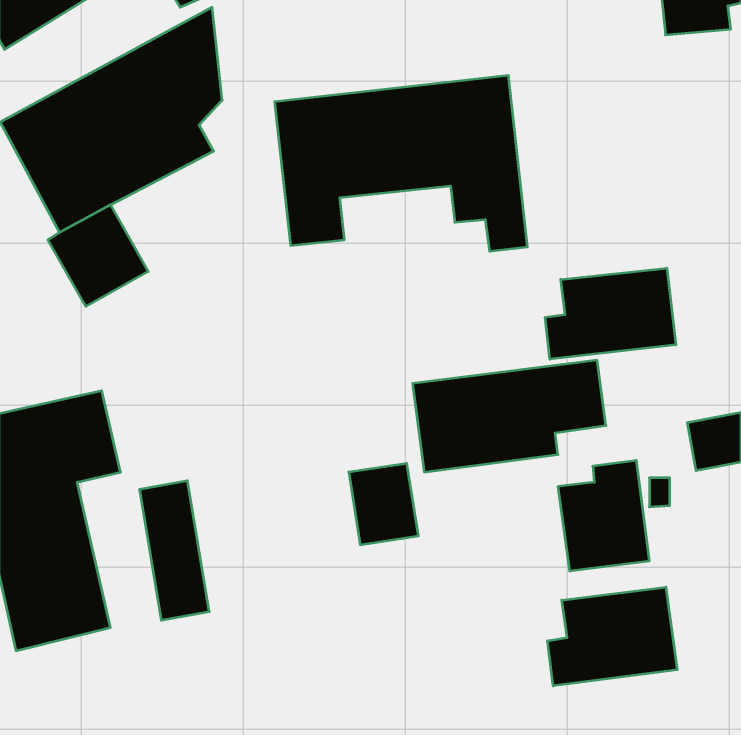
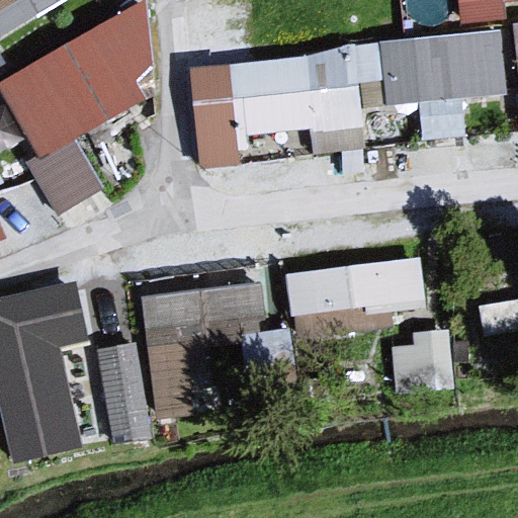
building: none -> [357,31,507,139]
building: [545,268,676,359] -> none
building: none -> [137,271,263,408]
building: [548,587,677,686] -> none

